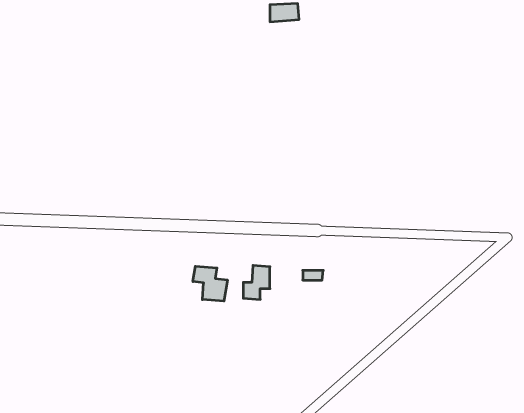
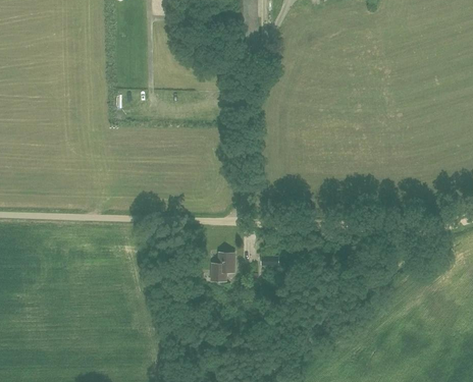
building: [193,266,227,301] -> none

